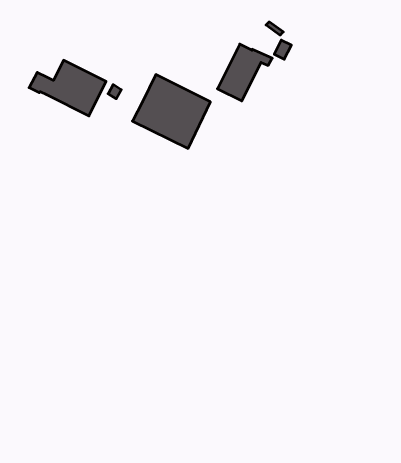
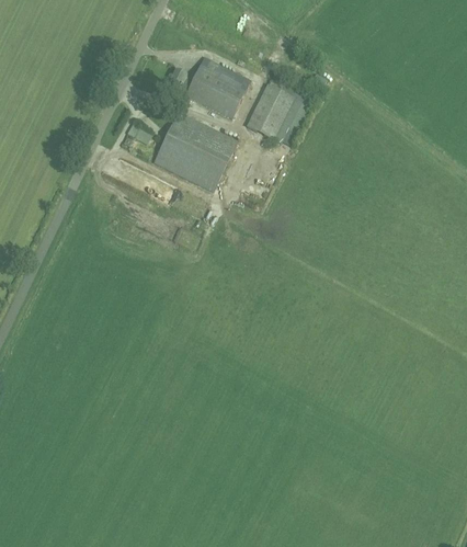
building: [29,60,106,116] -> [167,59,250,119]

